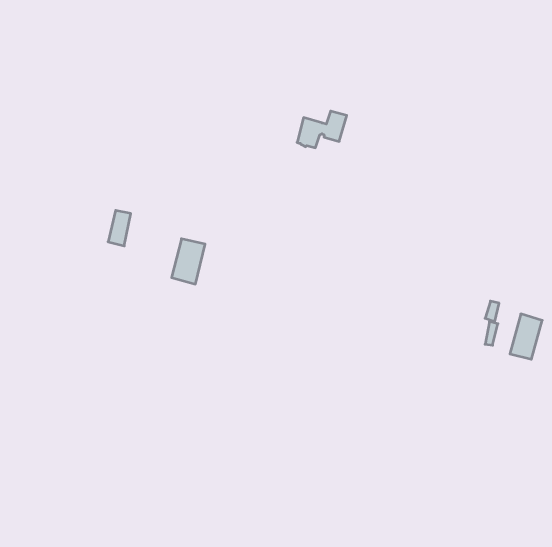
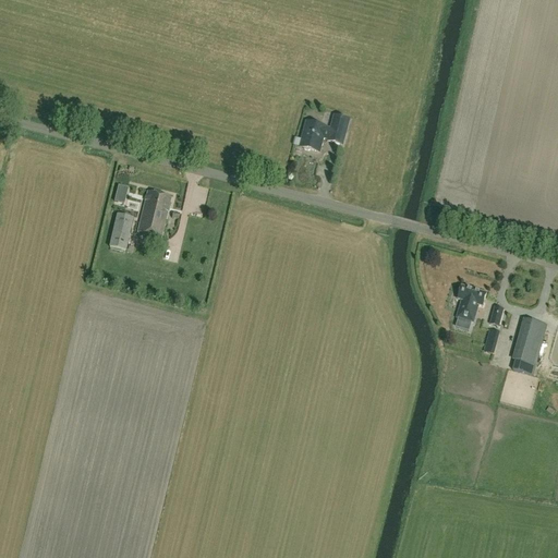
building: [172,239,205,284] -> [137,190,171,235]
building: none -> [457,283,486,319]

